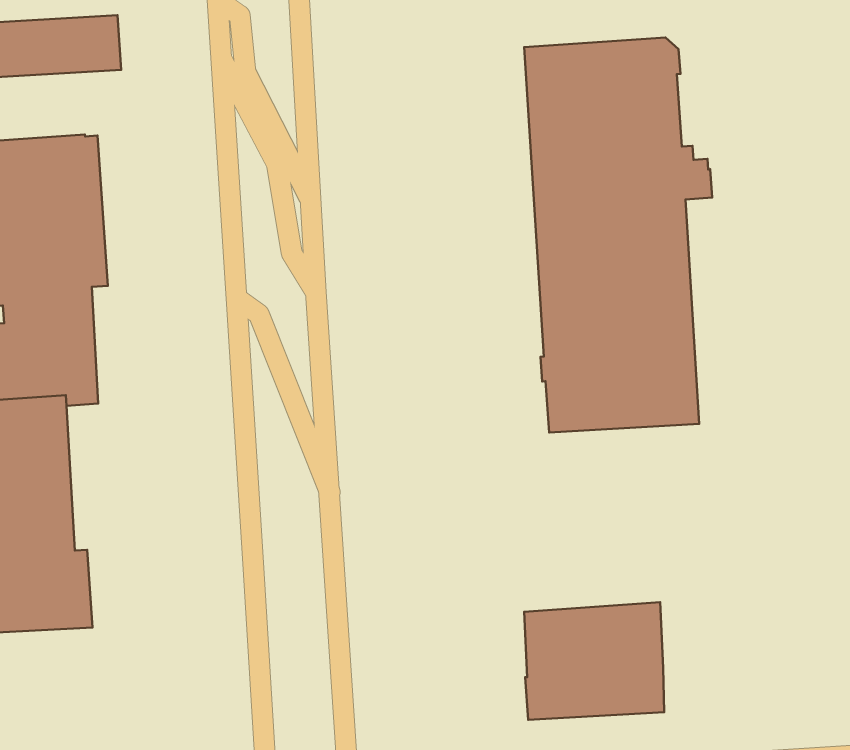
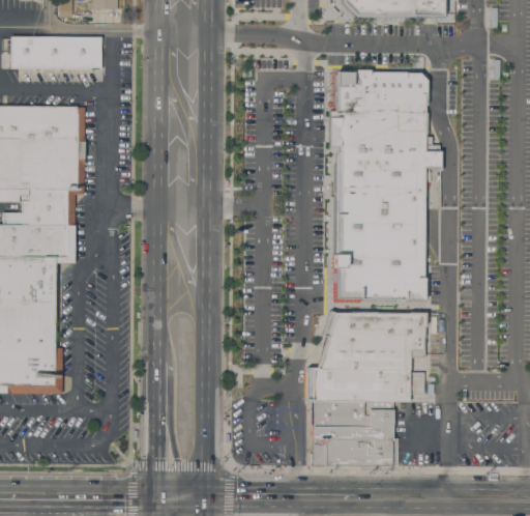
building: none -> [312,311,423,401]

